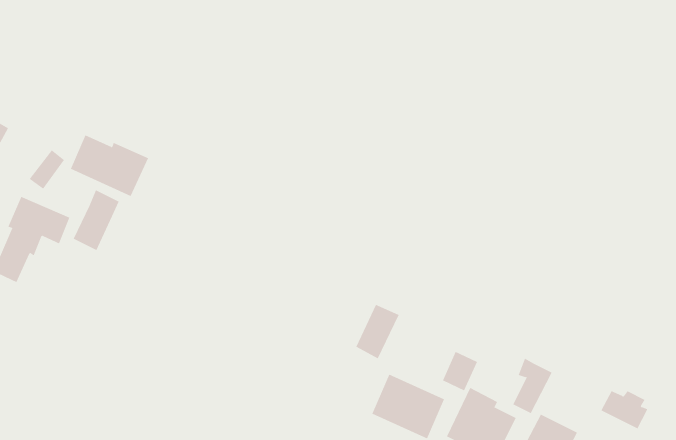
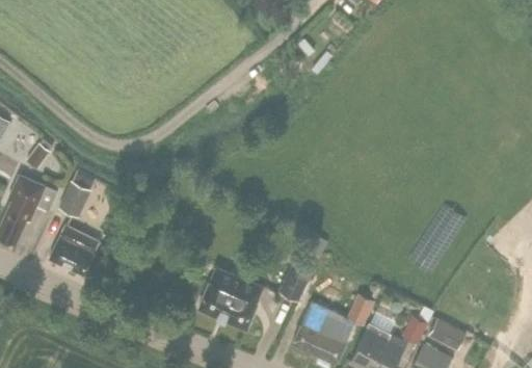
building: [70,135,149,197] -> none
building: none -> [49,226,99,274]
building: none -> [198,269,263,328]
building: [600,391,648,429] -> [428,319,466,349]

